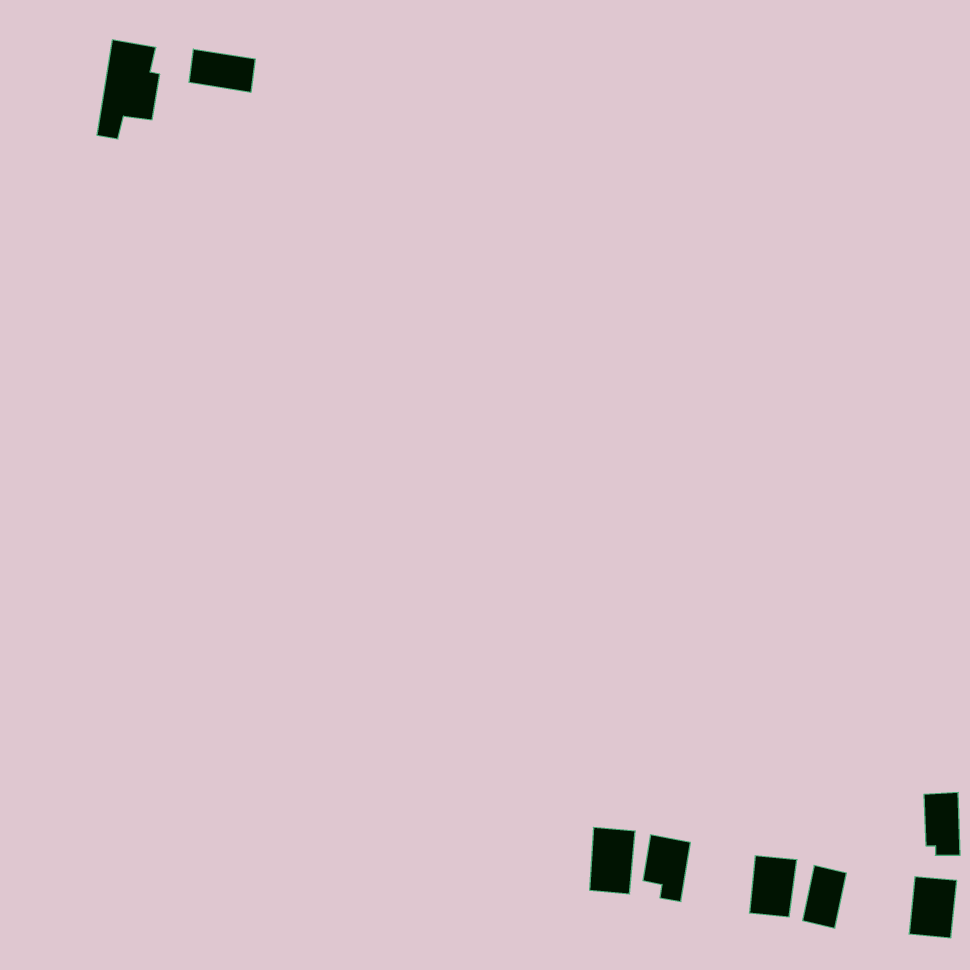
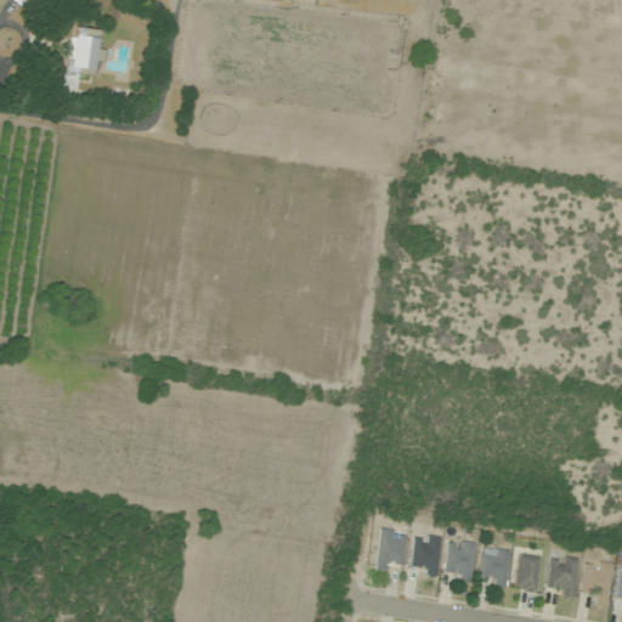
building: [189,49,255,92] -> none
building: [924,793,960,855] -> [553,556,576,596]
building: none -> [446,539,475,579]

